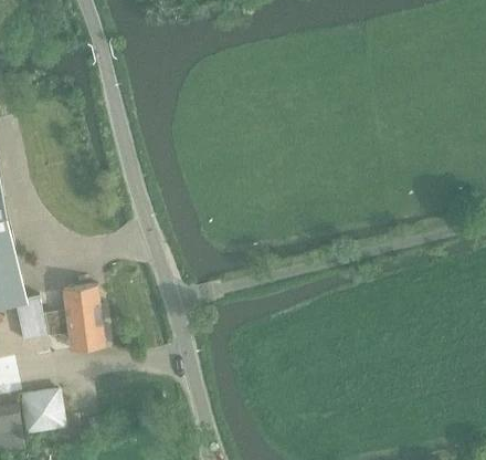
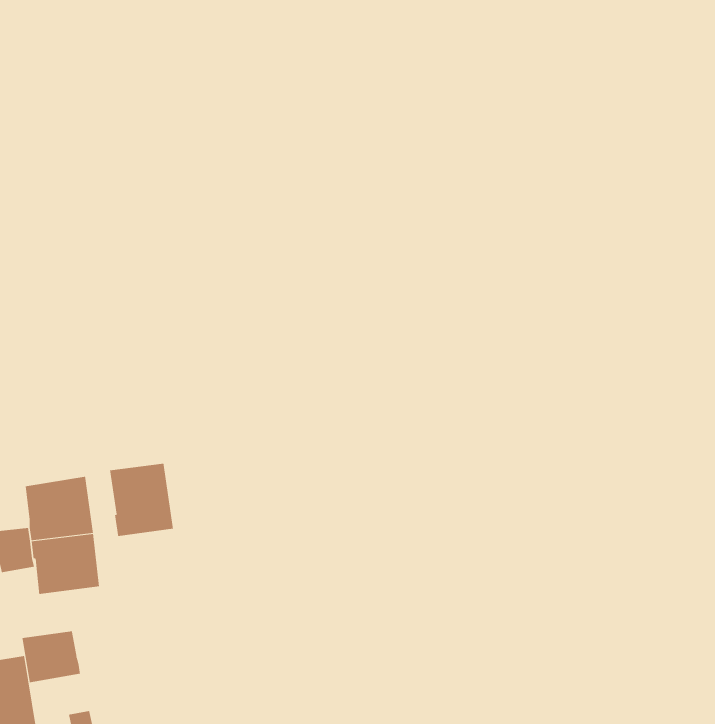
building: none -> [110,463,174,537]
building: none -> [22,631,81,683]

